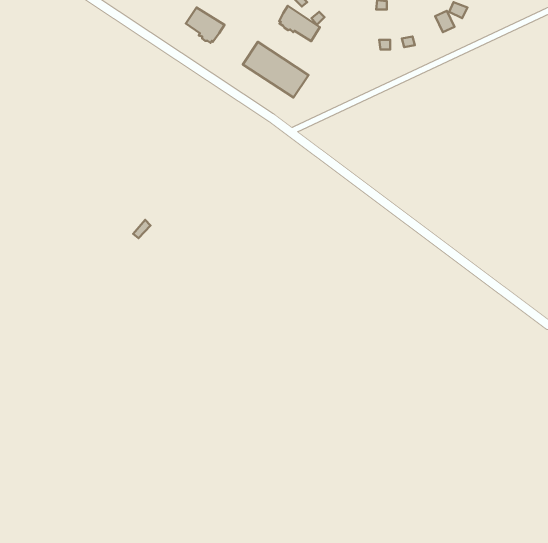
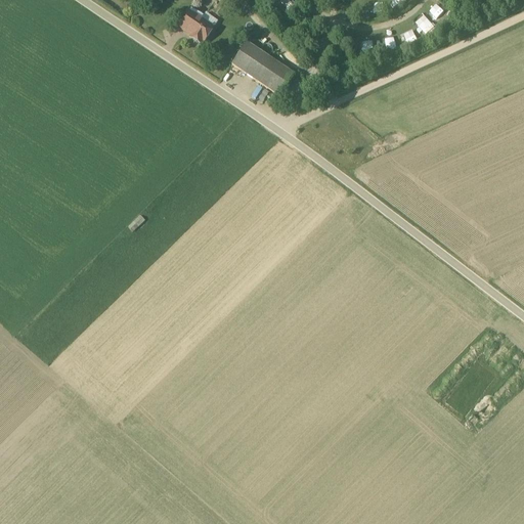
building: [279,6,320,41] -> none

